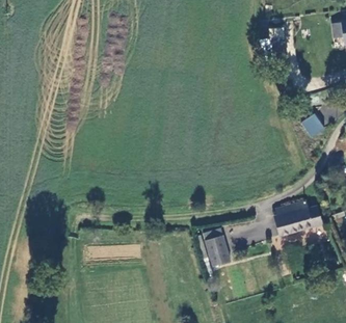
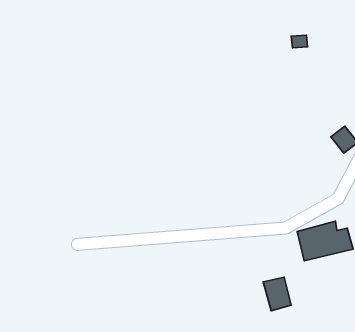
building: [205,241,230,271] -> [263,277,291,311]

